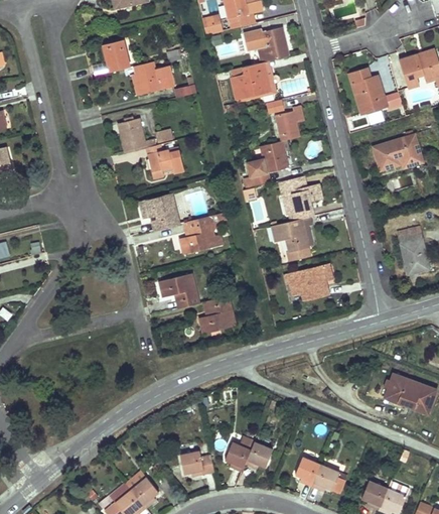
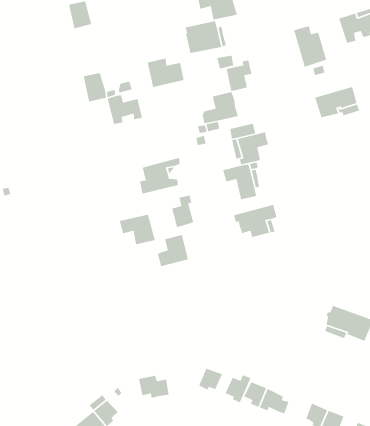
building: [133,60,174,94] -> [147,58,185,88]
building: [140,195,178,230] -> none
building: [398,231,427,273] -> none
building: none -> [171,194,194,228]
building: [224,439,253,472] -> [225,374,251,404]

